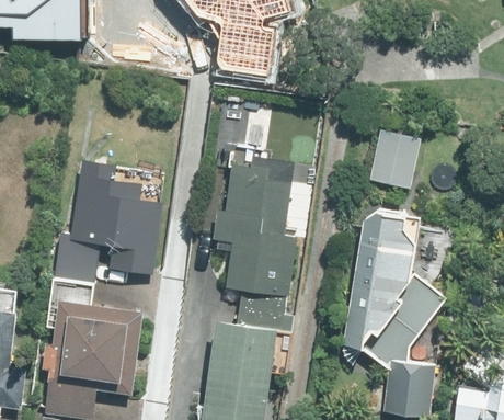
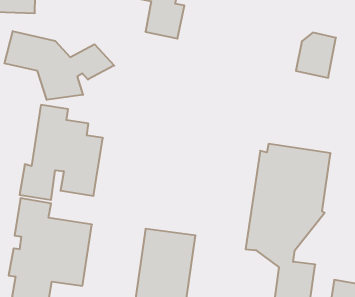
building: none -> [4,31,114,100]
building: [368,132,420,190] -> [296,33,336,78]
building: [214,151,296,296] -> none

